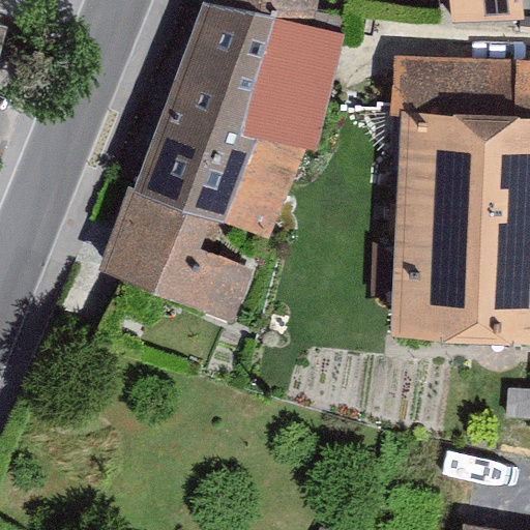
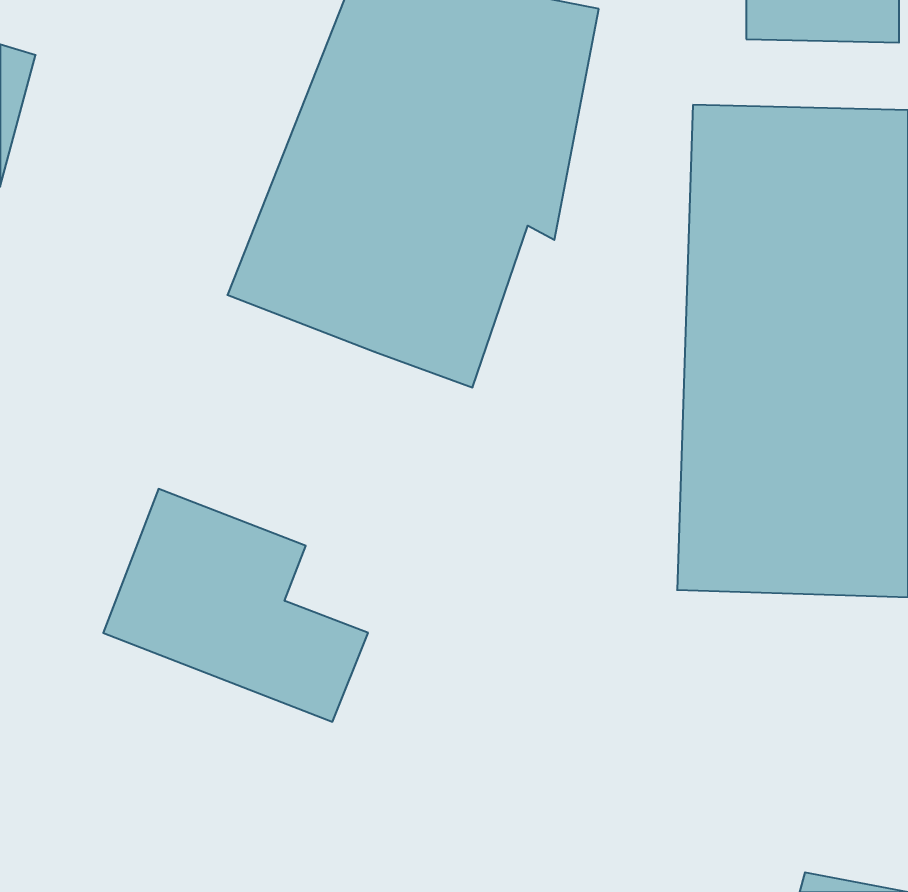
building: [100,172,255,307] -> [103,489,368,722]

